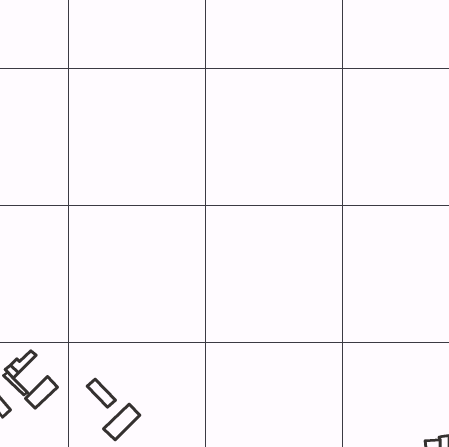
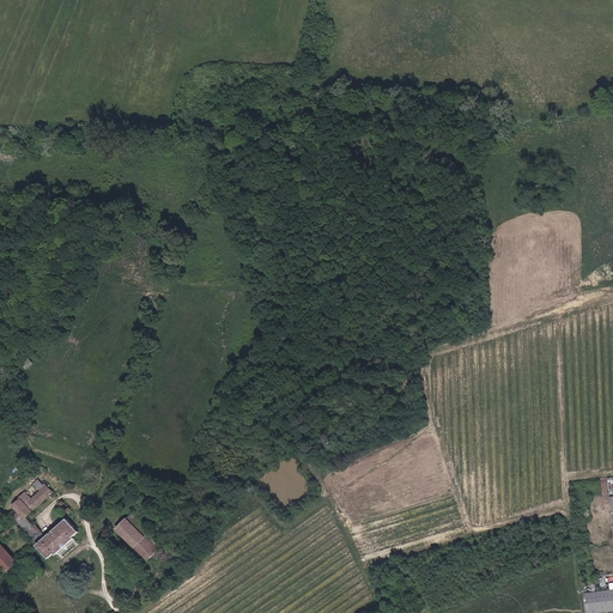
building: [103,404,140,440] -> none

